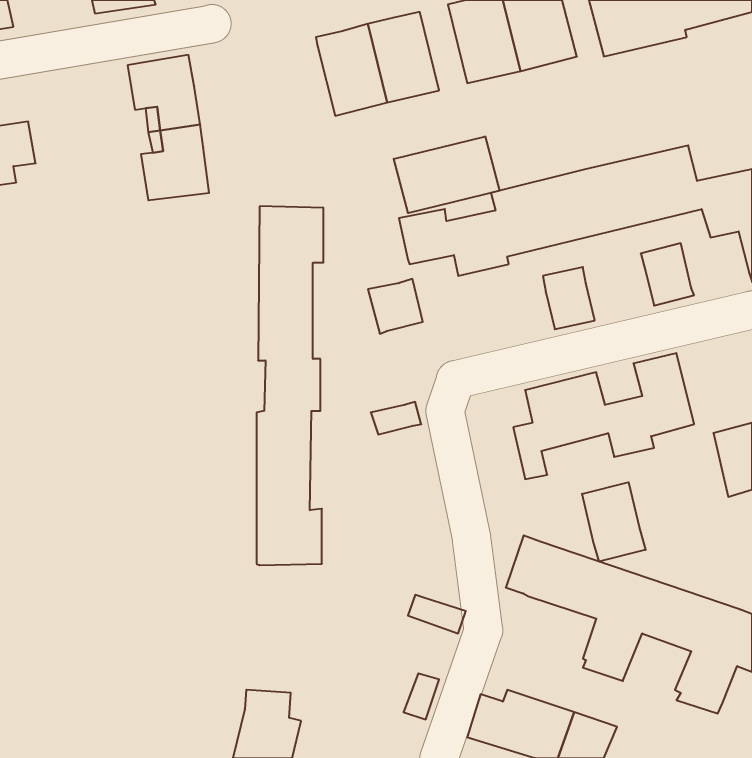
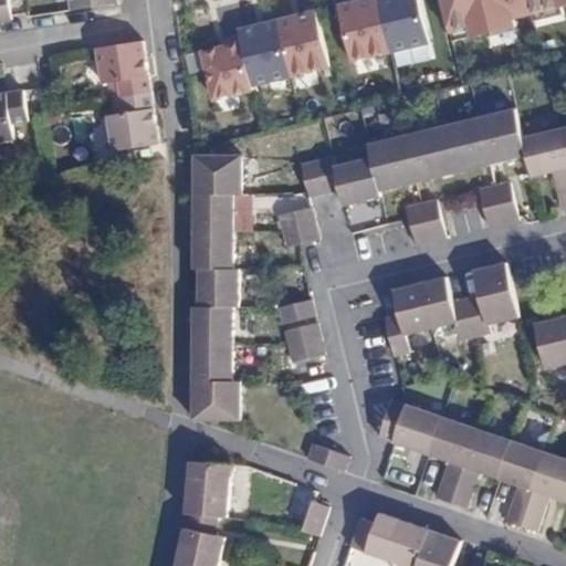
building: none -> [200,34,250,99]
building: [394,136,499,213] -> none
building: none -> [283,323,323,364]
building: [582,482,646,562] -> none
building: none -> [184,461,230,517]

